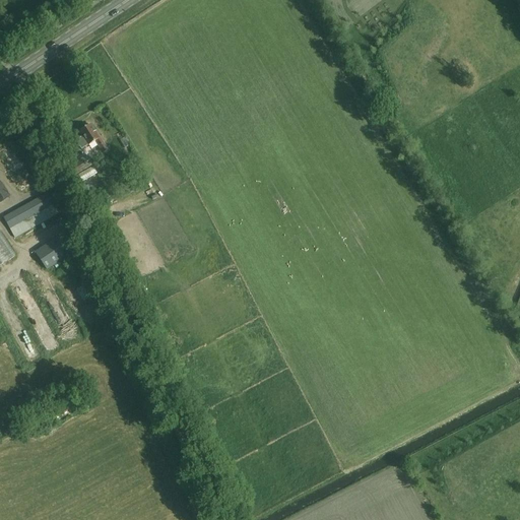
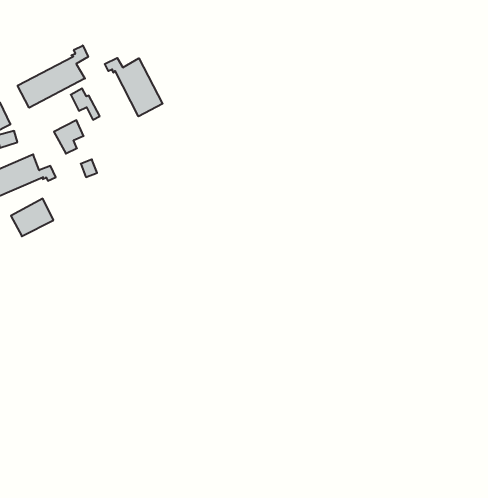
building: none -> [18,45,88,108]
building: none -> [105,58,163,116]

